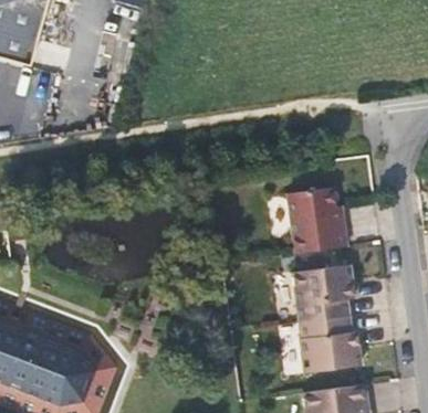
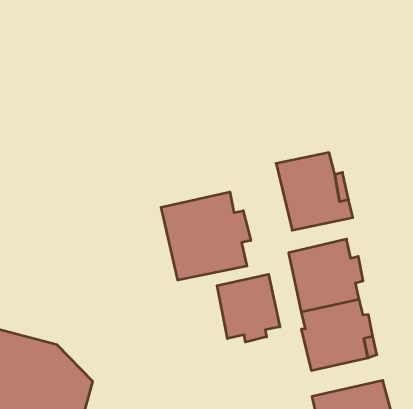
building: none -> [161,192,251,280]
building: none -> [217,274,280,342]

